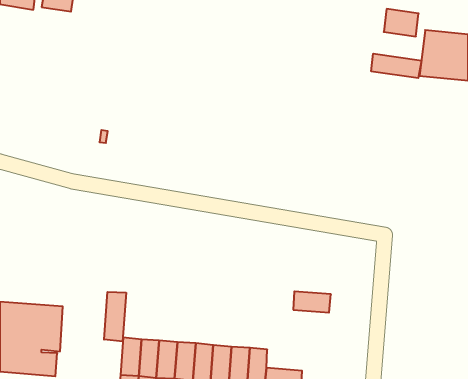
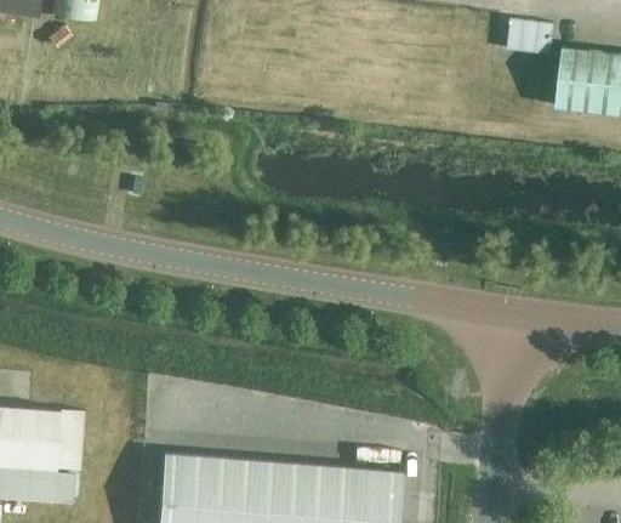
building: [371,54,421,78] -> none
building: [293,291,331,313] -> [353,468,403,496]
building: [104,292,126,341] -> none

